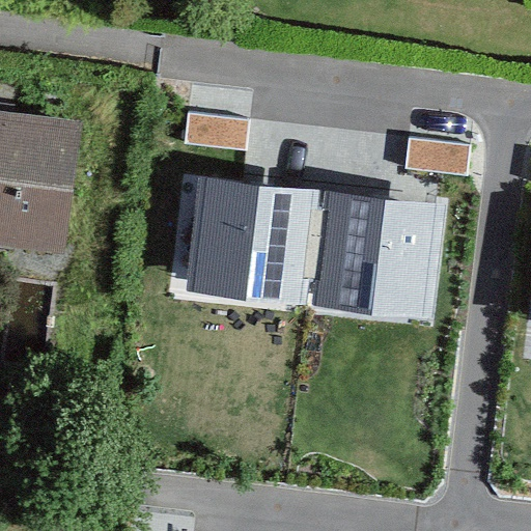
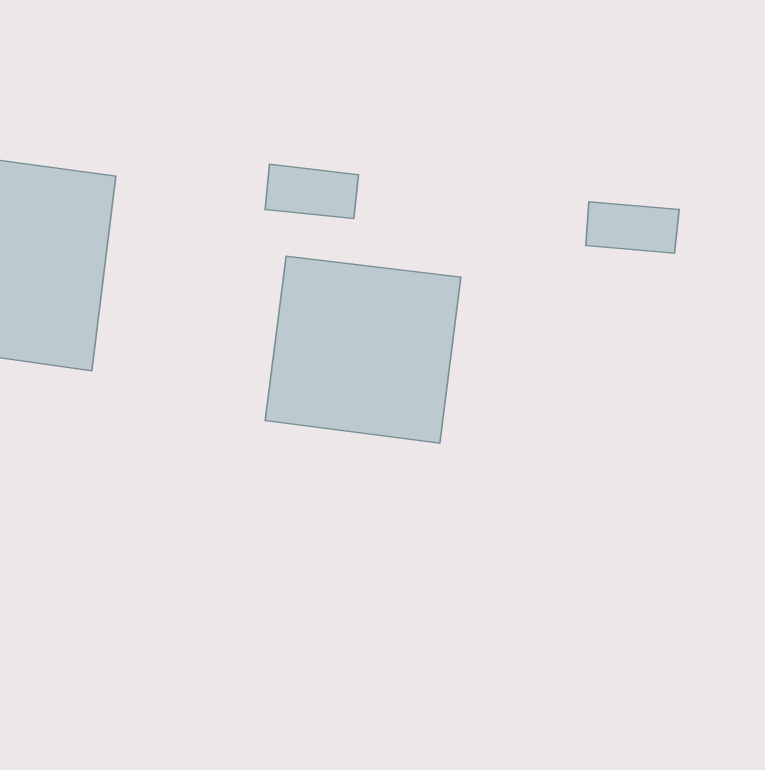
building: [308,192,442,319] -> none

